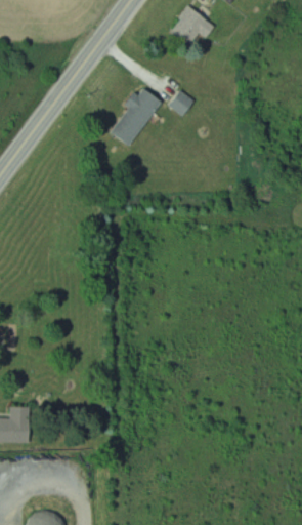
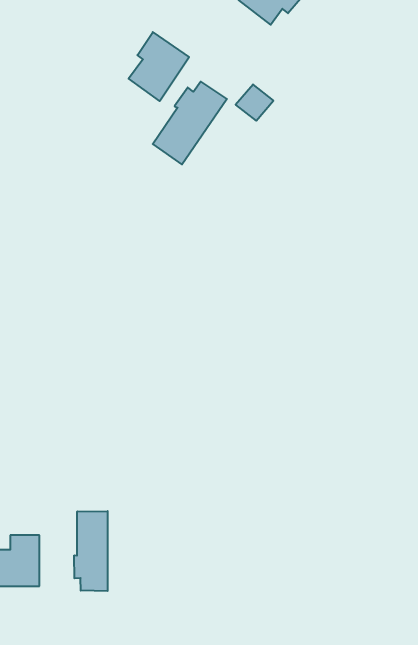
building: none -> [129,32,189,101]
building: none -> [74,511,108,591]

